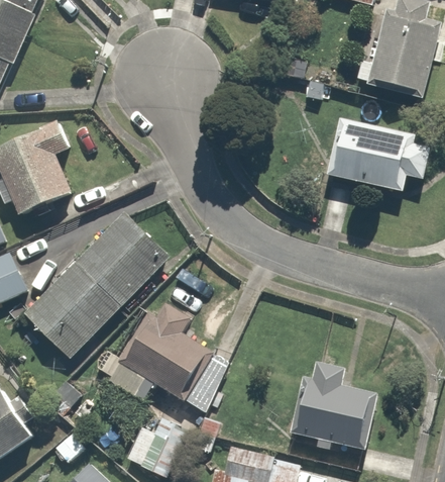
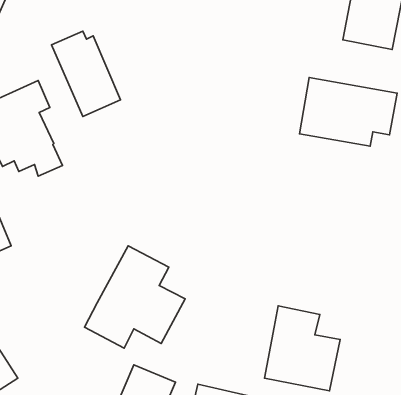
building: none -> [52,31,121,116]
building: [22,215,169,362] -> none

